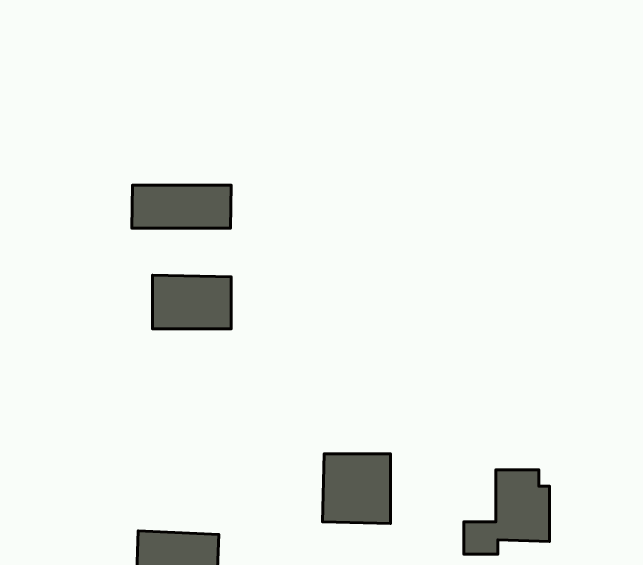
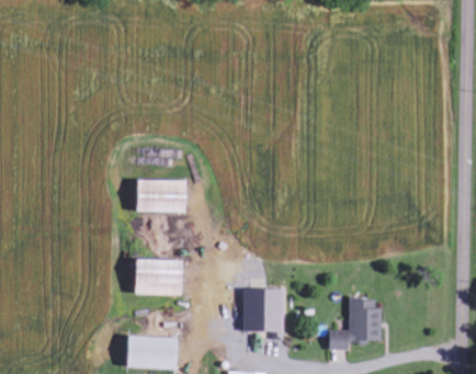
building: [132,185,231,228] -> none
building: none -> [135,259,182,295]

